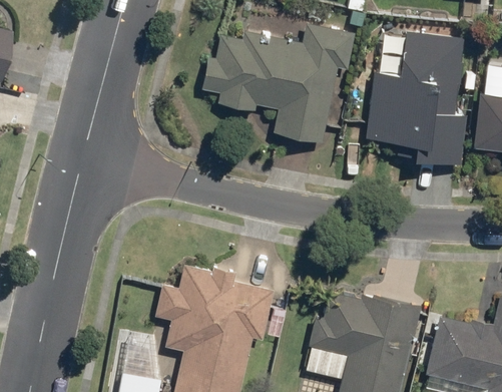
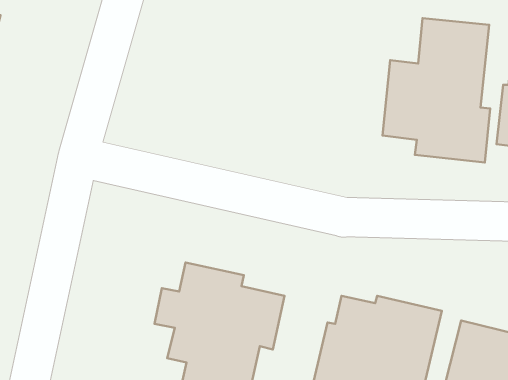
building: [200,25,356,145] -> none

